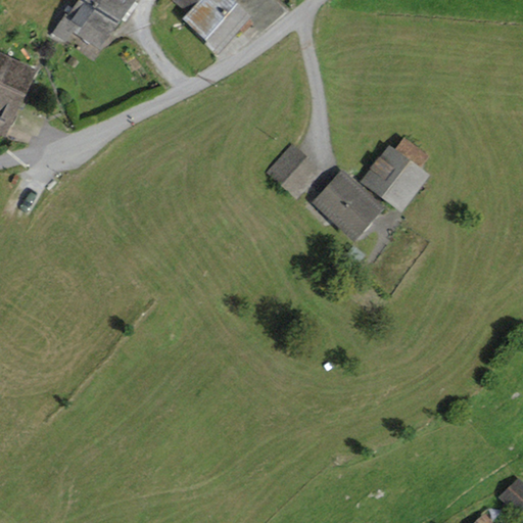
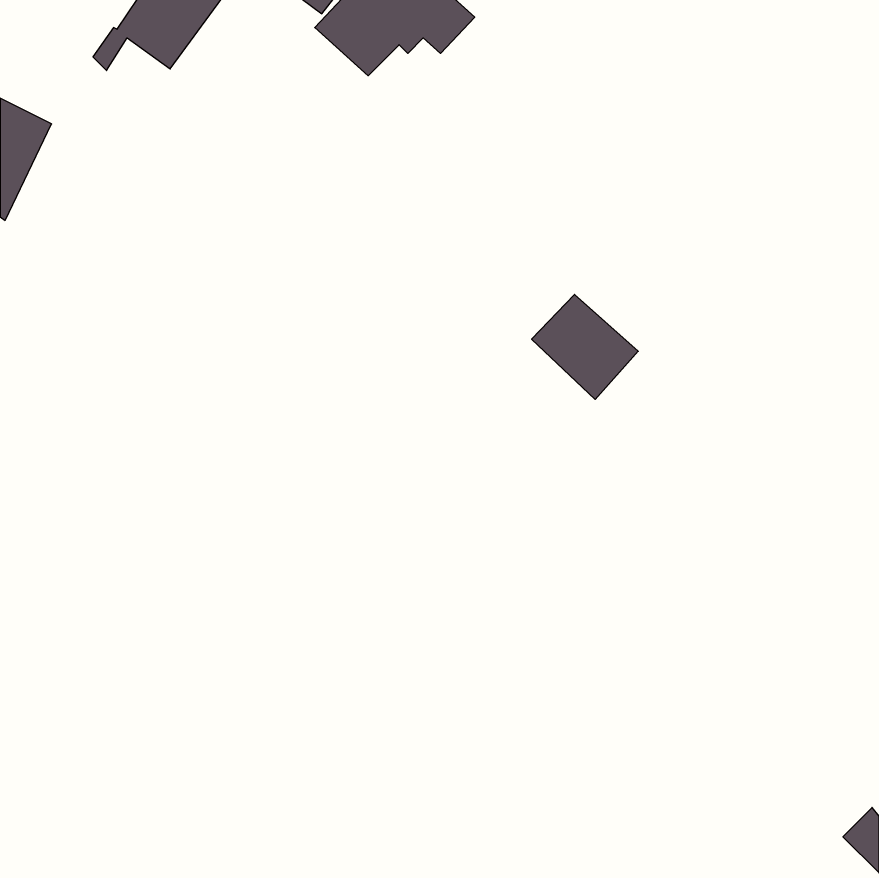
building: [364,139,420,204] -> none
building: [273,150,316,193] -> none

